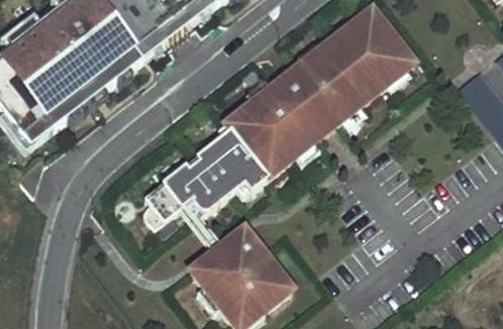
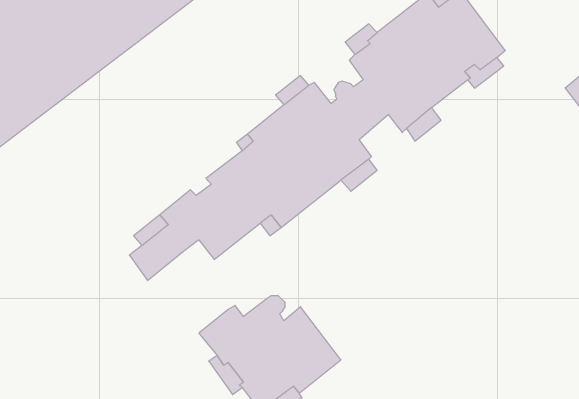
building: [180,199,265,256] -> none

